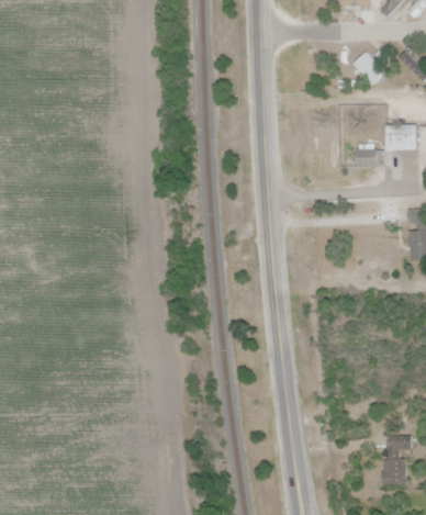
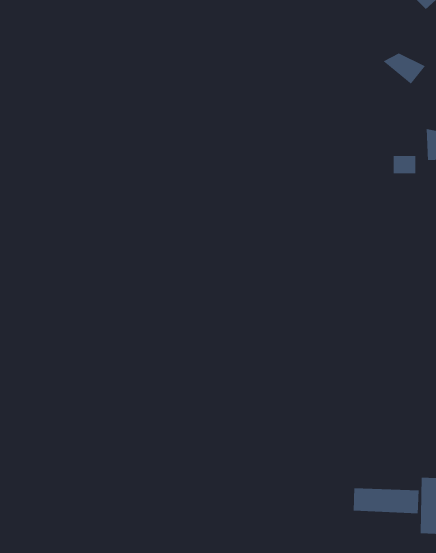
building: none -> [353,487,419,514]

